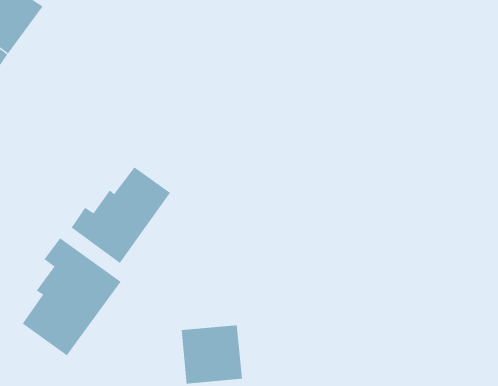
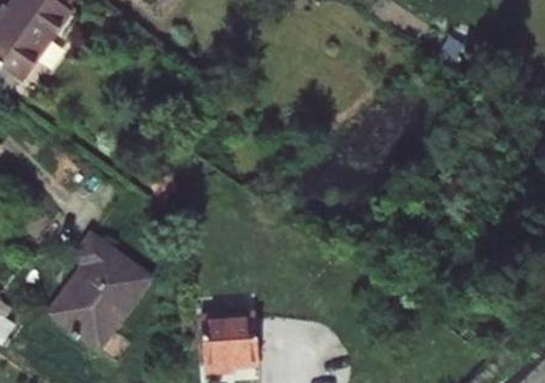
building: [71,166,171,264] -> none

